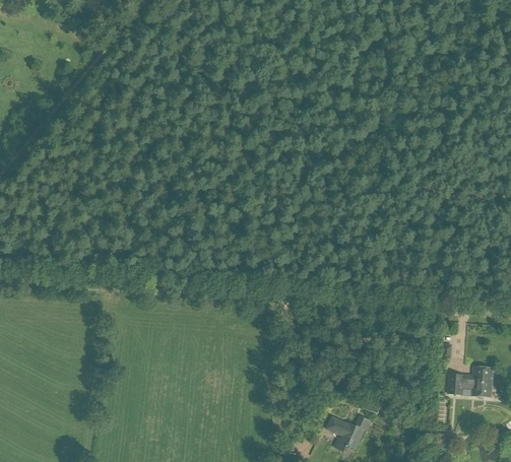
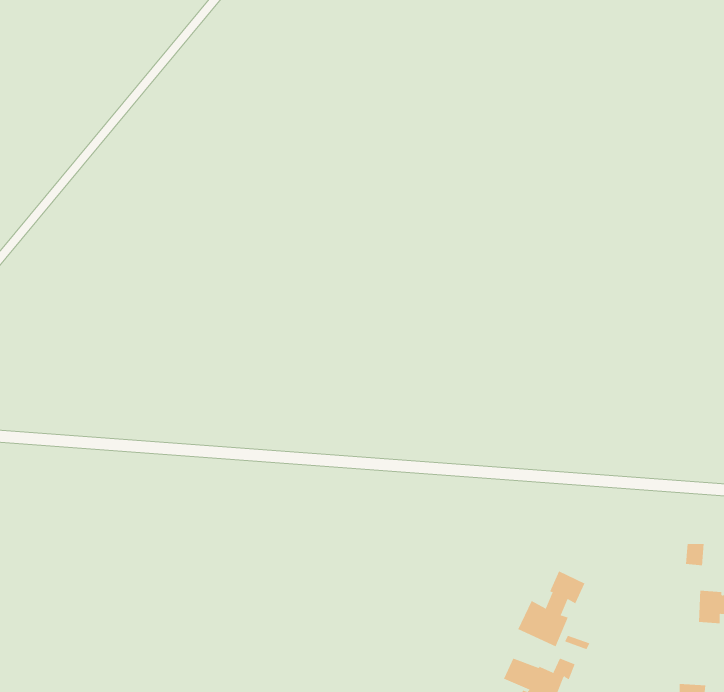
building: none -> [517,571,585,647]

